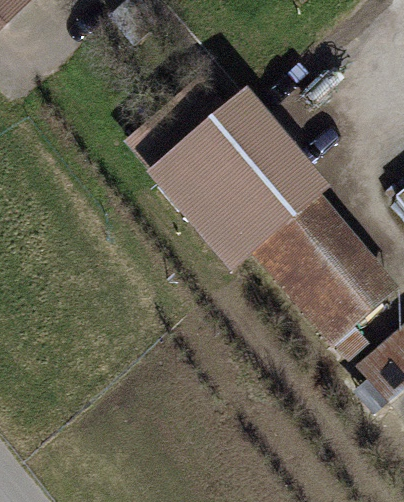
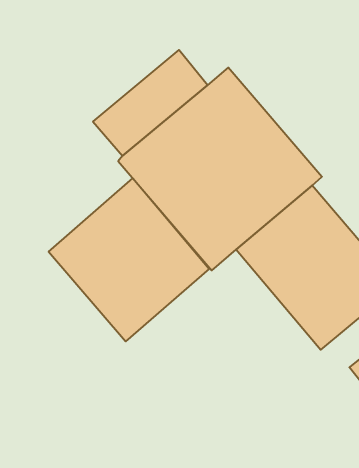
building: none -> [49,178,209,341]

